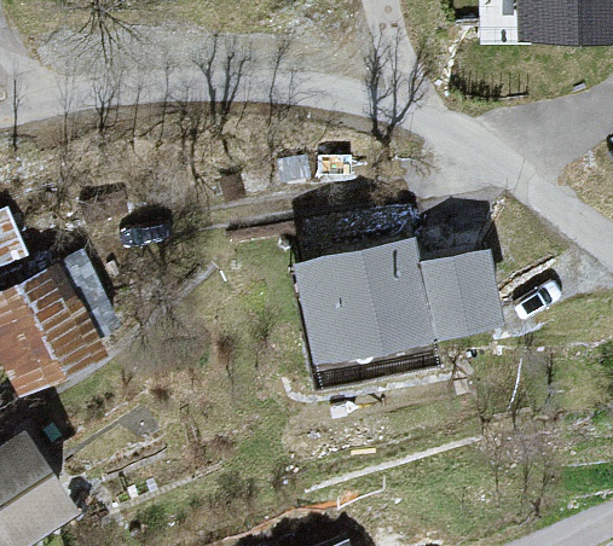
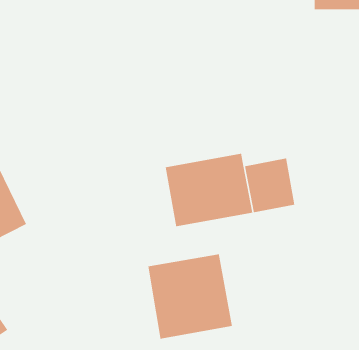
building: none -> [148,253,232,340]

